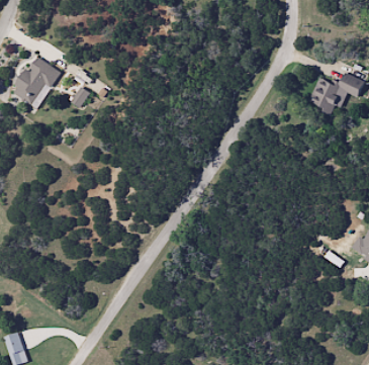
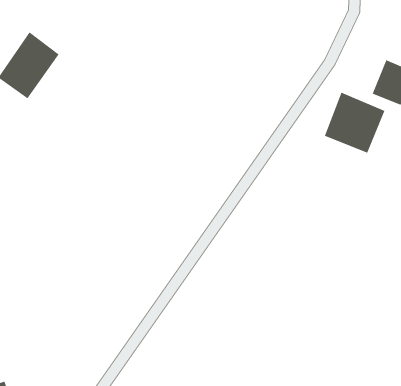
building: none -> [324,92,385,153]

